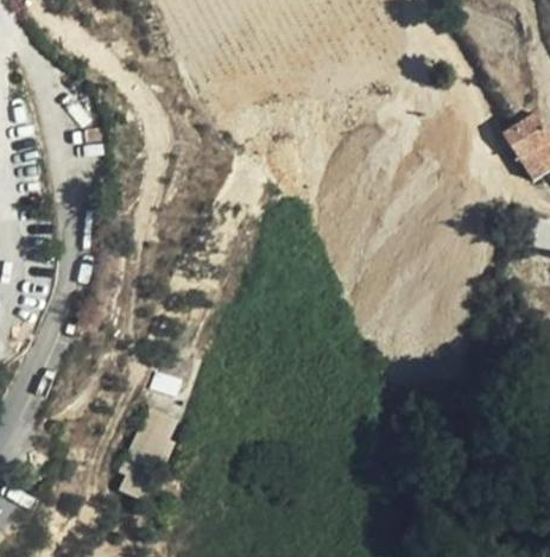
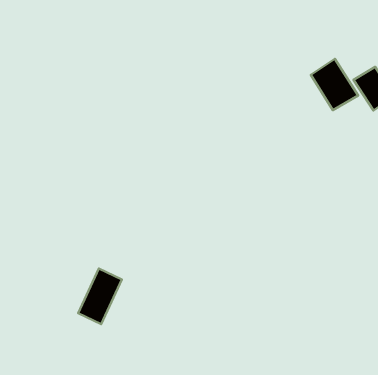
building: none -> [311,59,358,110]

